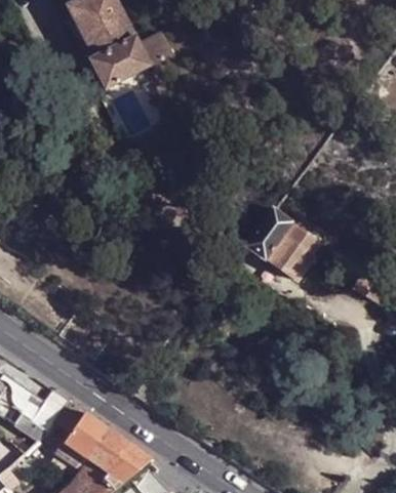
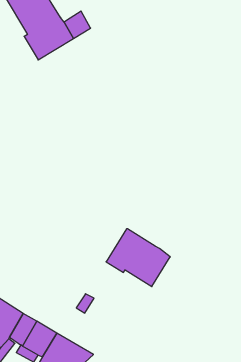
building: [245,209,324,282] -> [106,229,170,287]

